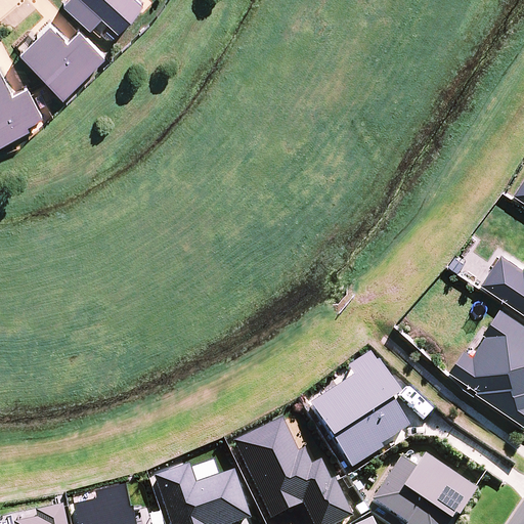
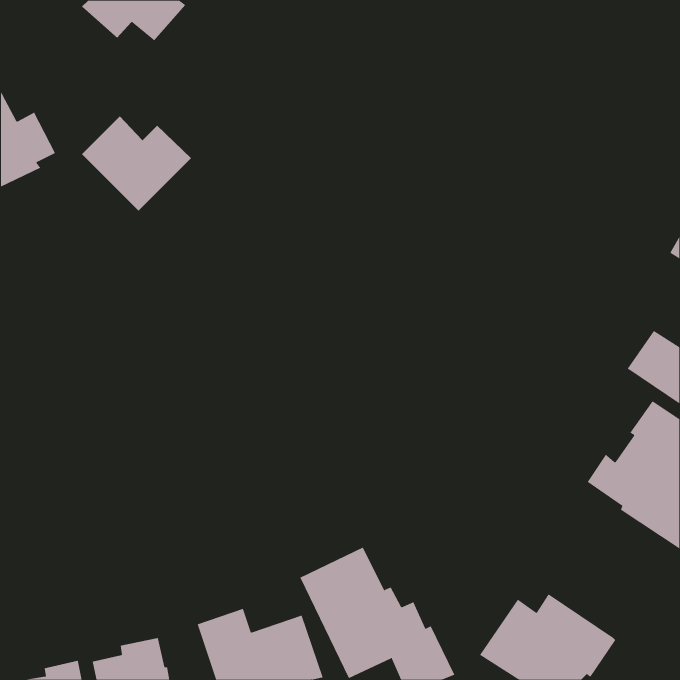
building: [20,24,105,97] -> [81,116,192,211]
building: [307,356,405,472] -> none

